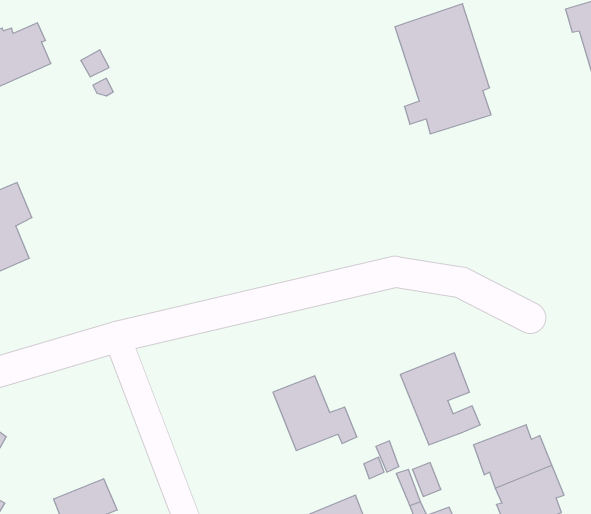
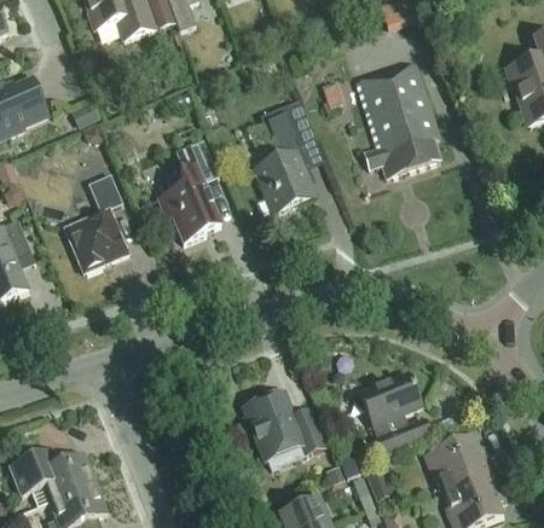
building: none -> [255,101,318,211]
building: none -> [157,137,221,242]
building: none -> [64,173,128,271]
building: none -> [7,448,94,501]

